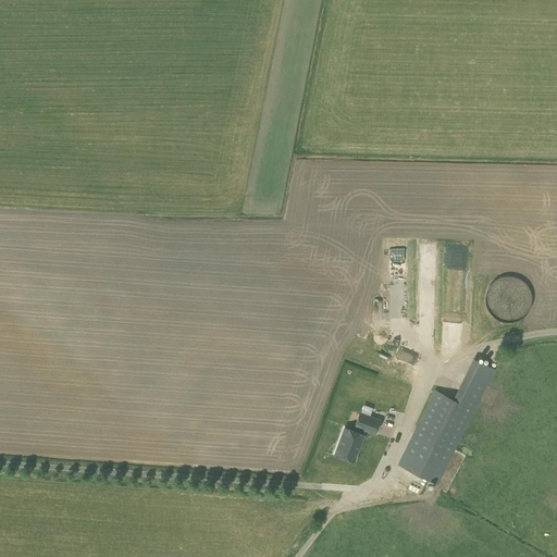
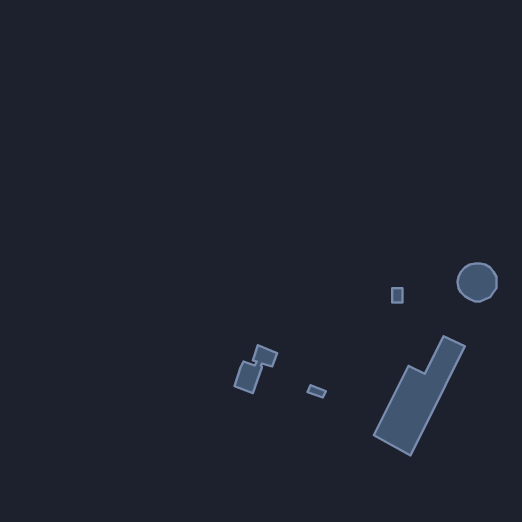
building: [335,411,381,462] -> [234,345,277,393]

